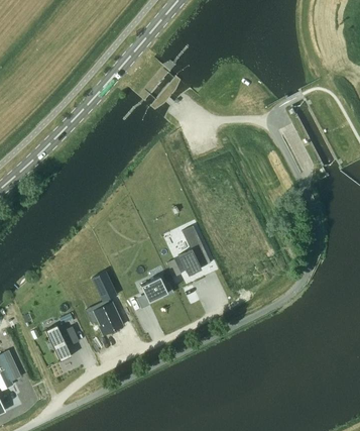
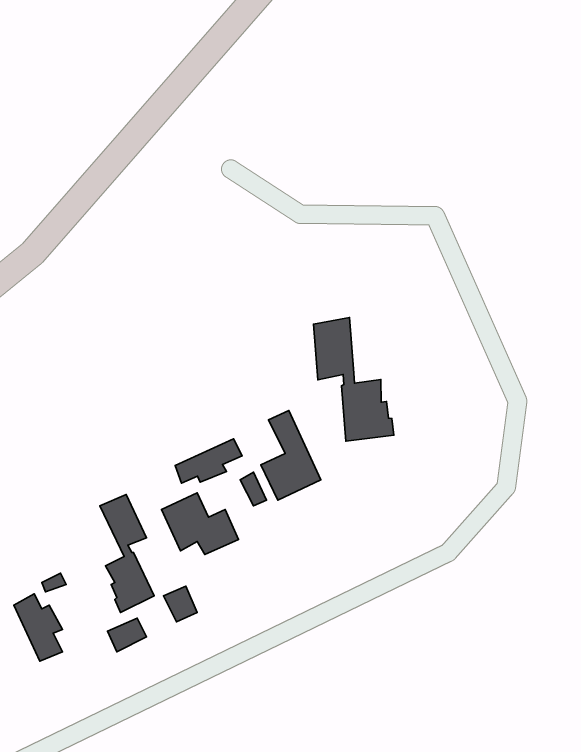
building: none -> [313,318,394,441]
building: none -> [175,439,242,483]

